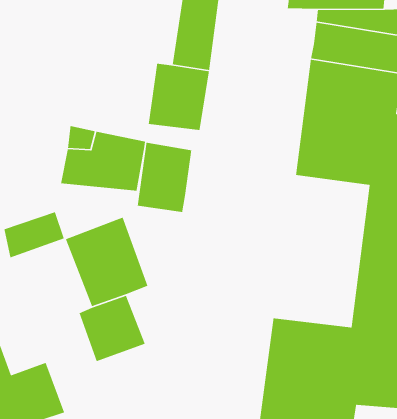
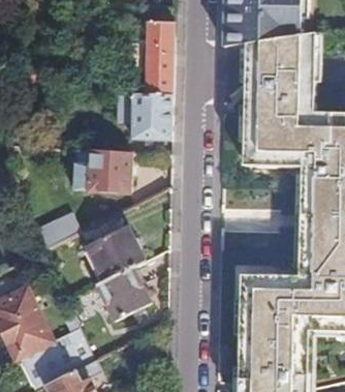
building: [137,142,192,213] -> none

